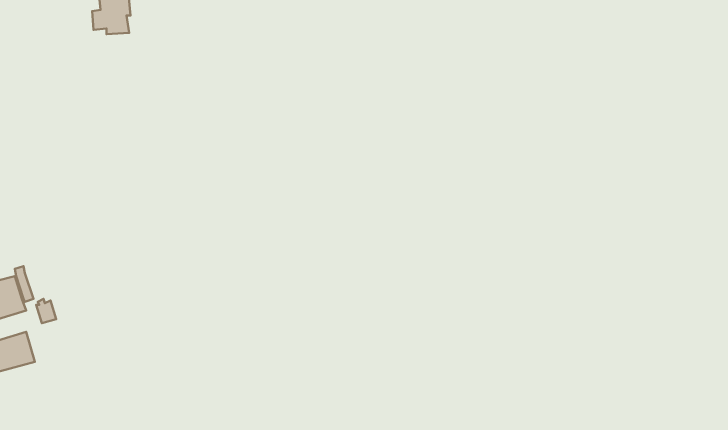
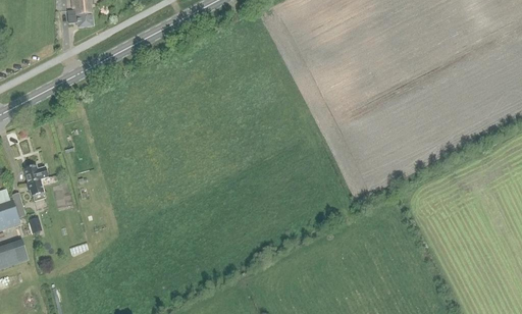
building: none -> [22,165,47,197]

